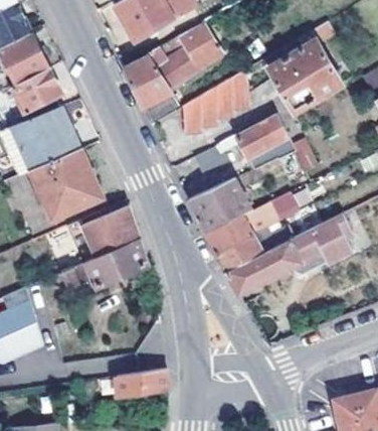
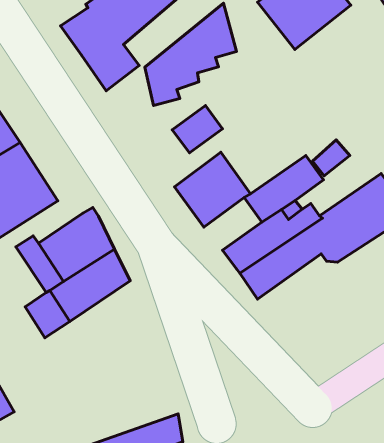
building: [236,113,294,166] -> none
building: [206,216,249,252] -> none

